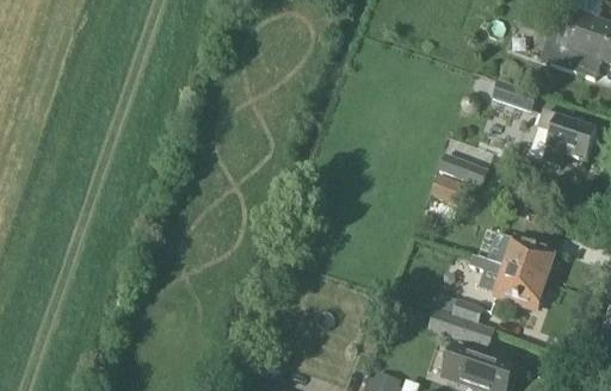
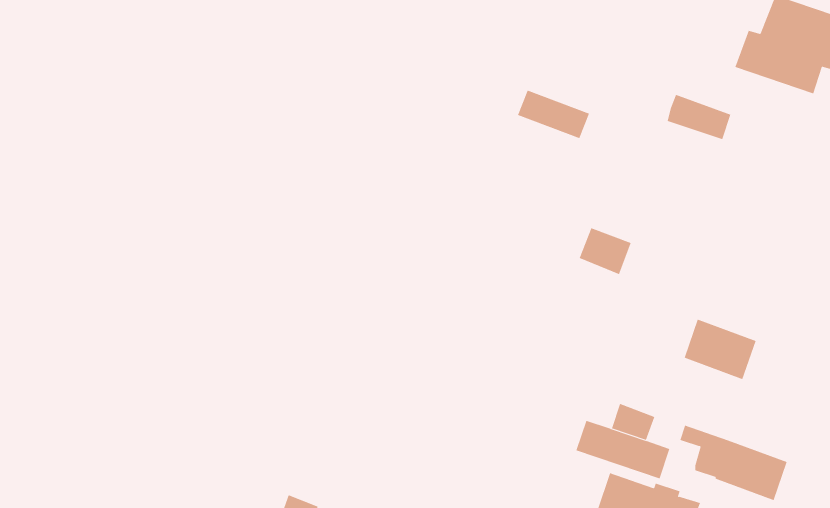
building: [537,107,597,166] -> none
building: [438,151,489,186] -> [517,90,590,139]
building: [469,253,545,306] -> [679,425,788,501]

